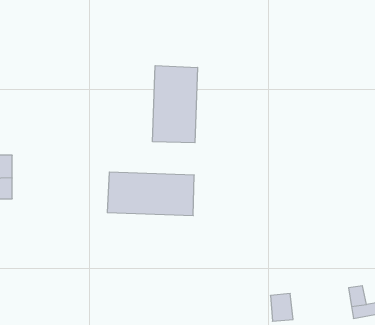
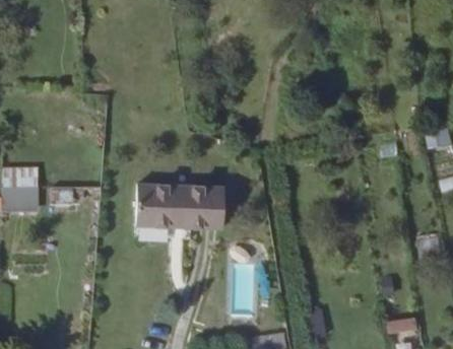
building: [153,66,198,143] -> none

